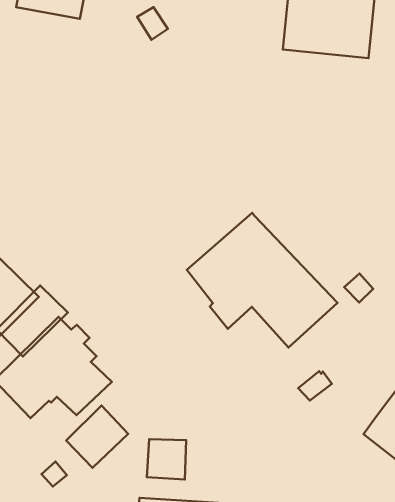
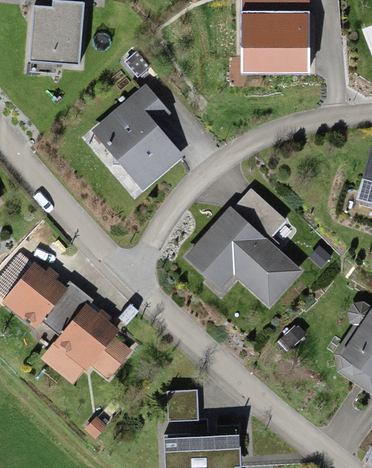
building: none -> [90,82,184,190]
building: none -> [232,187,287,246]
building: [66,406,128,468] -> none

